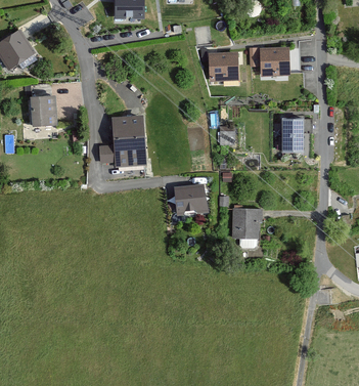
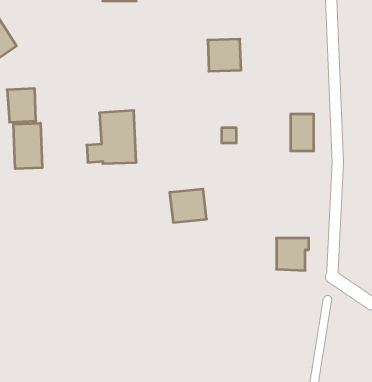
building: [260,48,288,76] -> none
building: none -> [13,123,42,169]
building: [232,210,261,239] -> [276,238,309,270]

